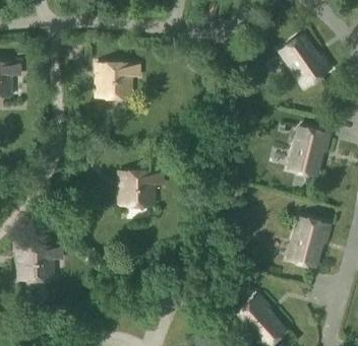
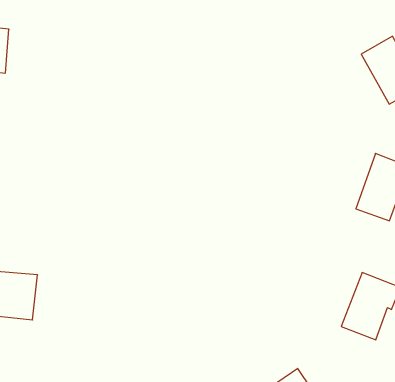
building: [98,64,131,97] -> none
building: [121,171,155,205] -> none

